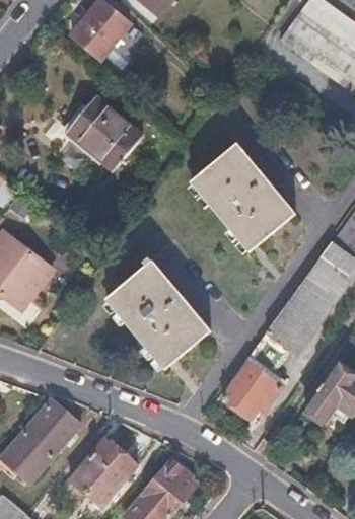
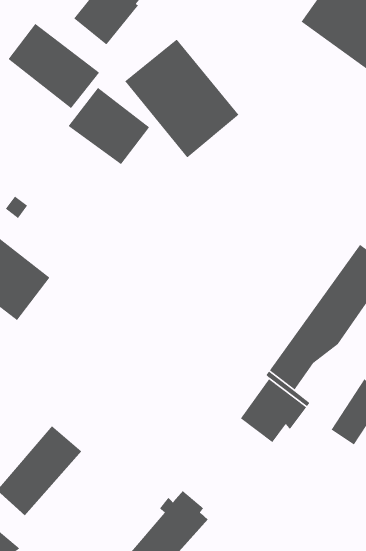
building: none -> [8,23,100,109]
building: [191,143,295,251] -> [124,39,240,158]
building: [108,262,211,369] -> none
building: [70,438,139,508] -> none

